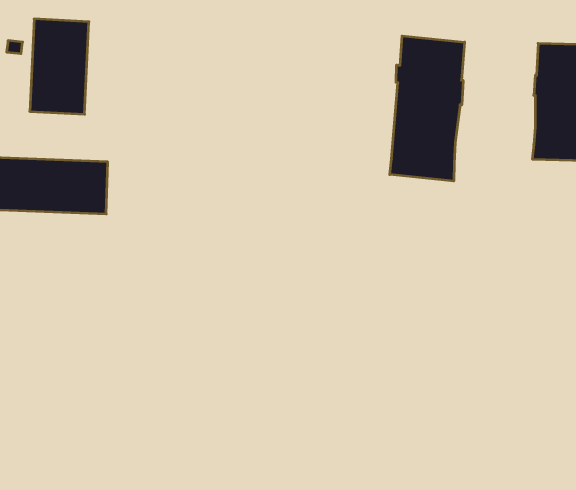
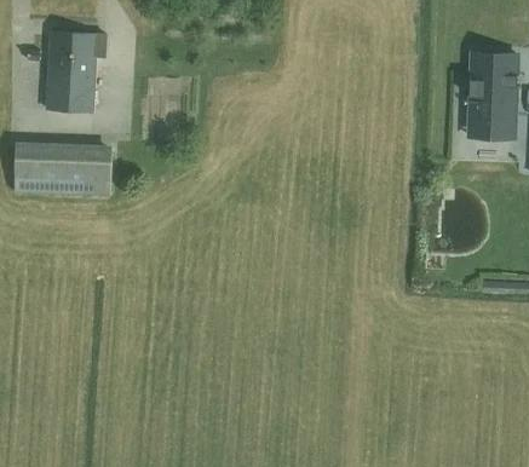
building: [390,36,465,181] -> none

